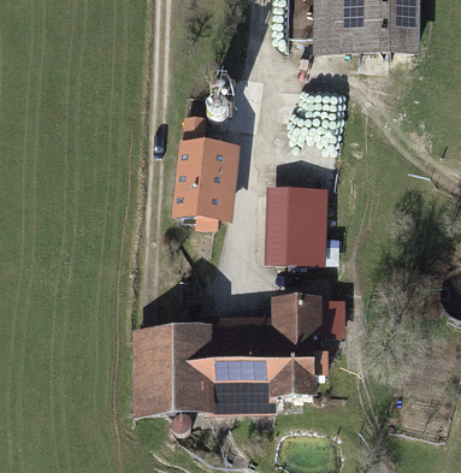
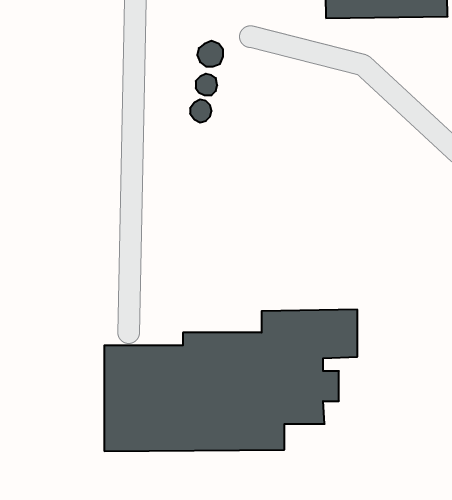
building: [173,114,237,229] -> none
building: [265,185,326,266] -> none

